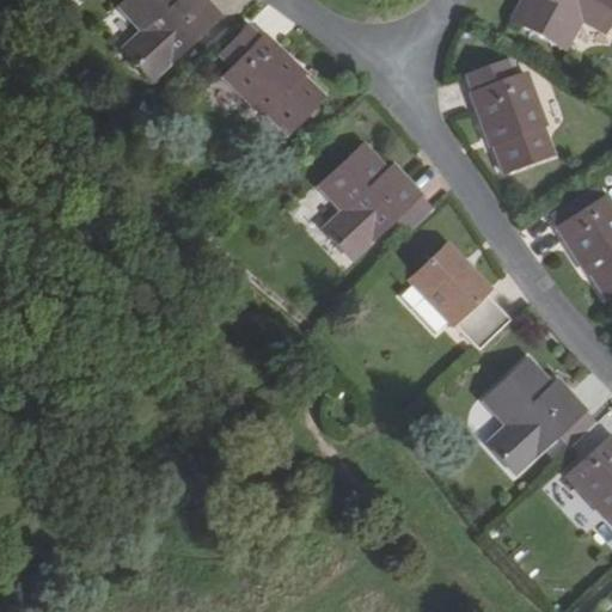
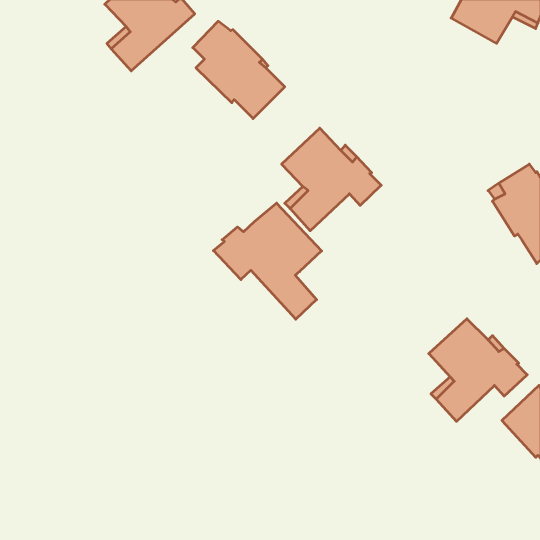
building: [467,61,553,173] -> none
building: none -> [213,203,322,319]
building: [409,245,507,347] -> none

